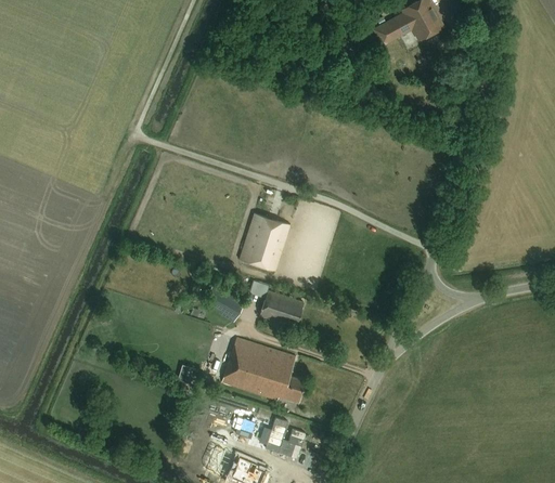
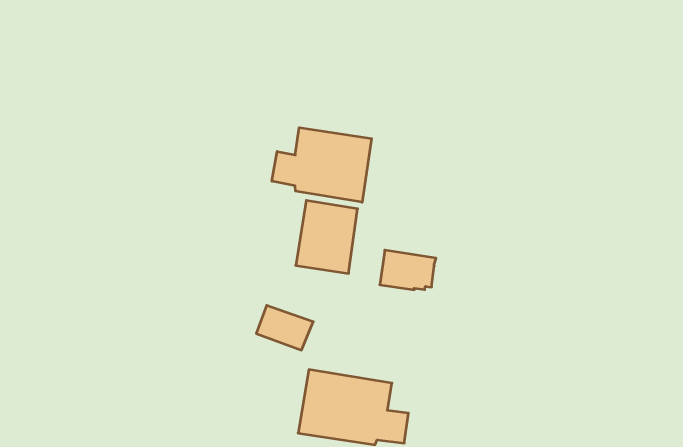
building: none -> [272,128,372,202]
building: [259,290,304,324] -> [380,250,436,290]

